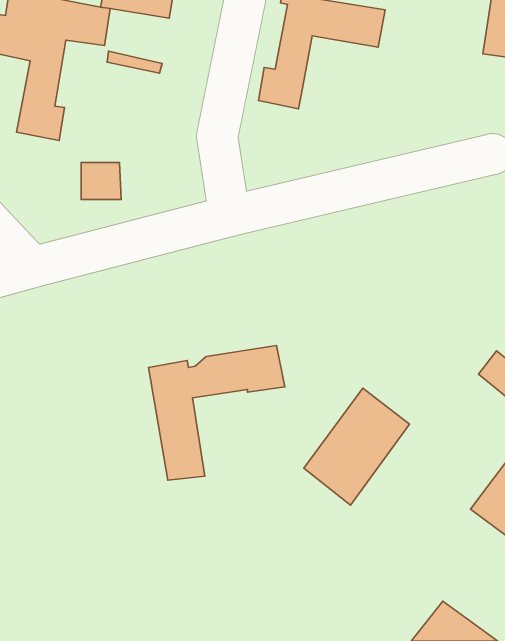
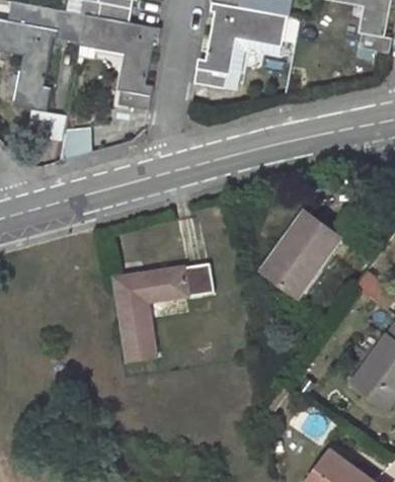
building: none -> [80,15,159,110]
building: none -> [226,35,282,77]
building: [304,388,410,505] -> [261,212,339,298]

